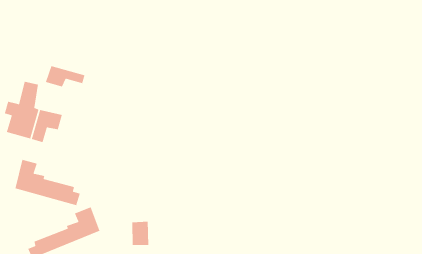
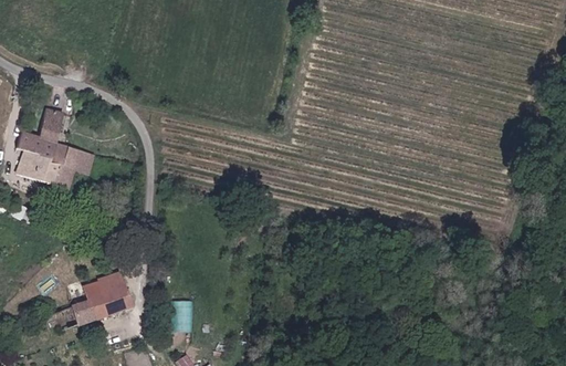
building: [45,65,85,88] -> none
building: [15,159,81,206] -> none

